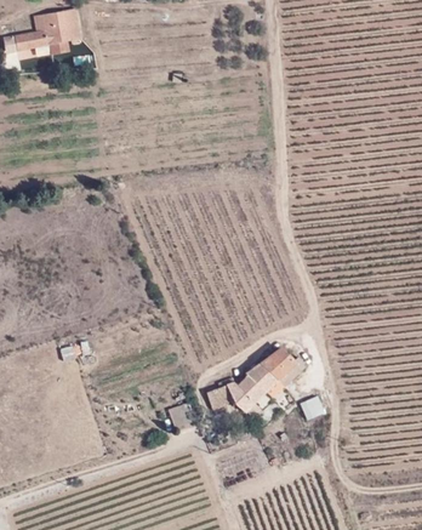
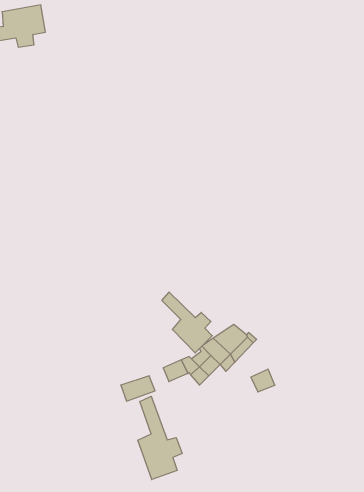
building: none -> [162,292,212,353]
building: none -> [138,396,182,480]

